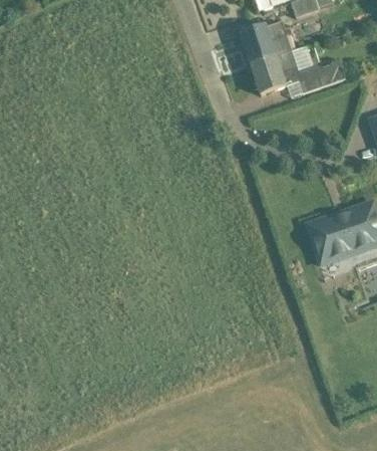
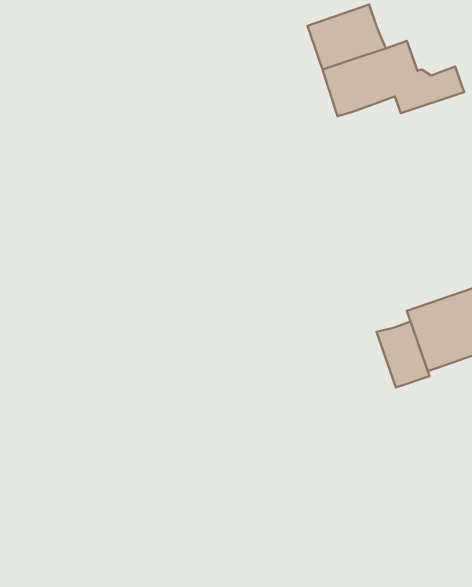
building: none -> [377,322,429,387]

